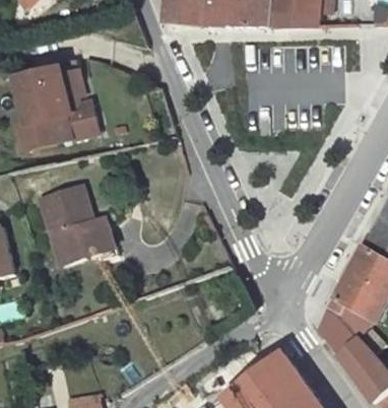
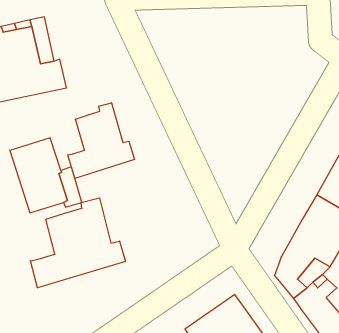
building: none -> [68,103,134,179]
building: none -> [30,198,125,288]

